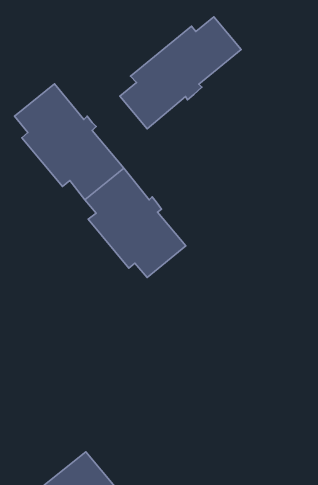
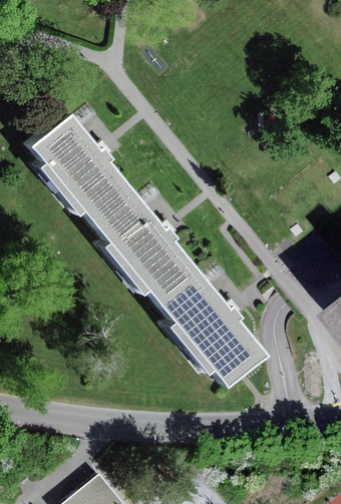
building: [120,17,241,129] -> none
building: none -> [158,269,263,381]

